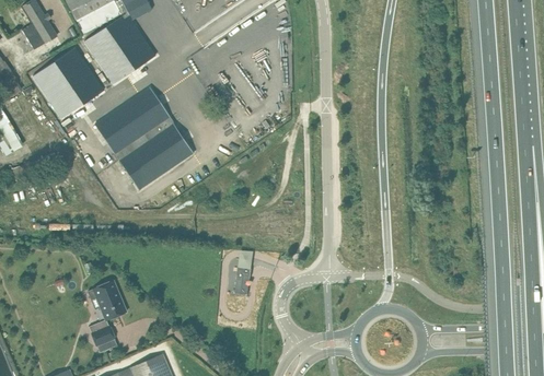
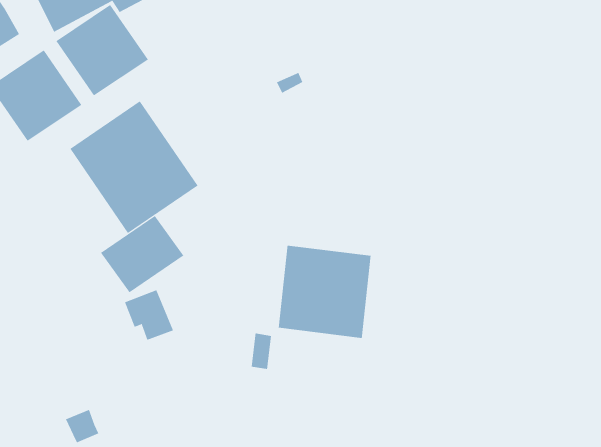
building: none -> [100,215,184,293]
building: none -> [278,245,371,339]
building: [88,281,126,320] -> [124,289,174,340]

